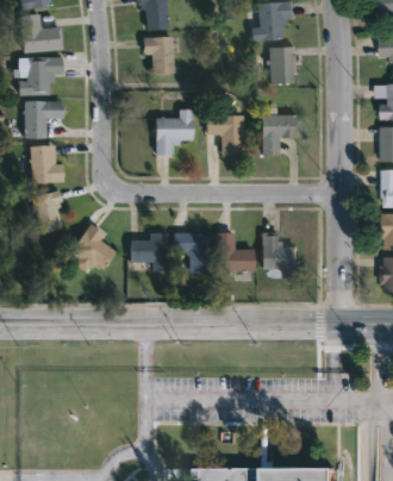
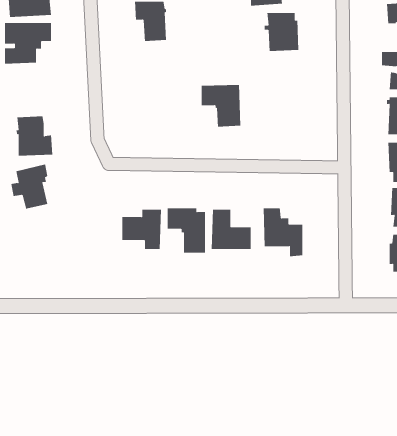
building: [24,101,64,139] -> none
building: [258,105,298,155] -> none
building: [154,110,191,155] -> none
building: [67,224,113,271] -> none

